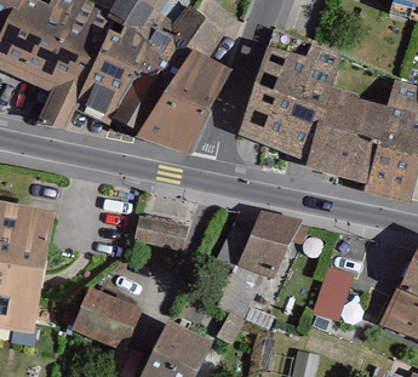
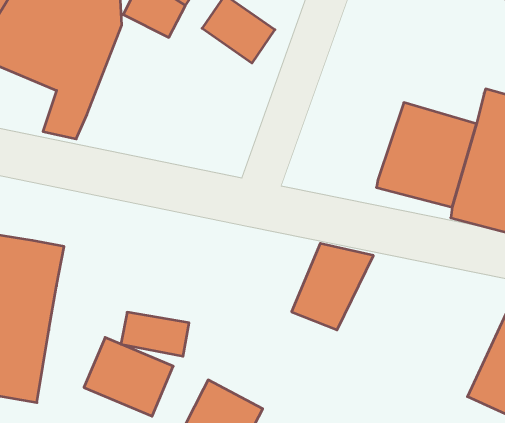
building: [239,30,343,154] -> none
building: [74,32,161,119] -> none
building: [137,58,228,147] -> none
building: [134,210,189,245] -> [121,312,189,356]
building: [313,259,355,315] -> none

